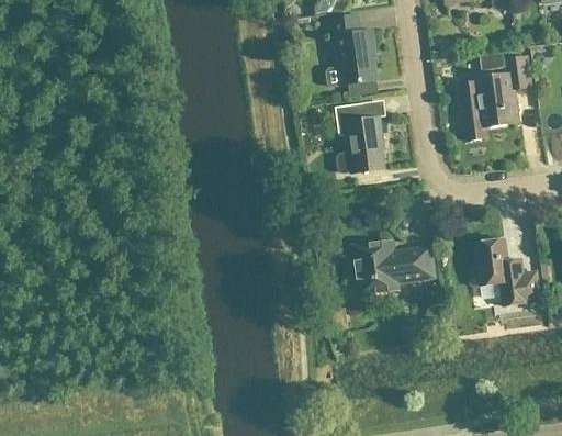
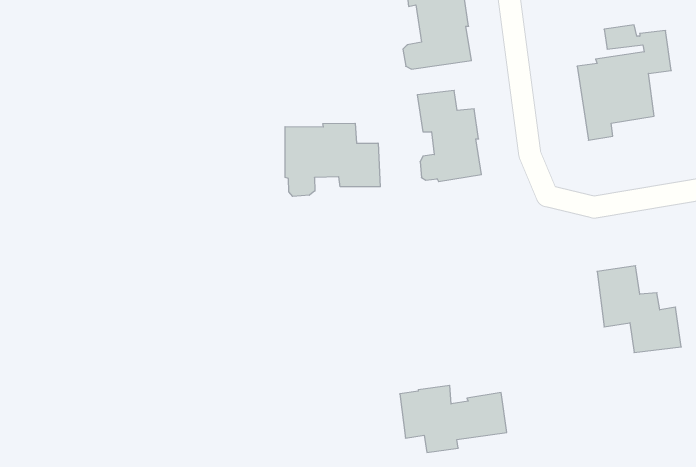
building: none -> [285,123,380,196]
building: [353,241,436,292] -> [400,385,507,452]

